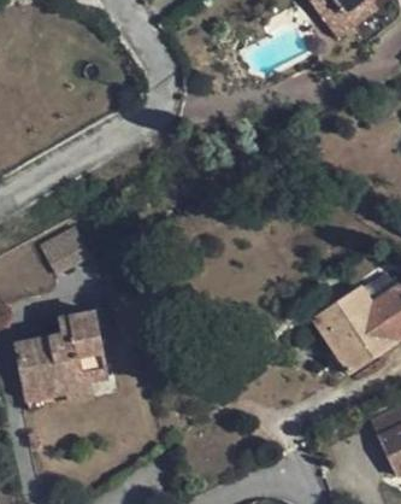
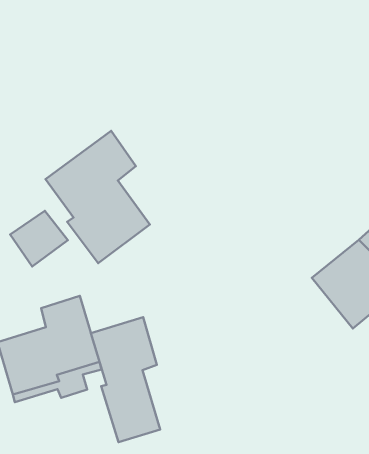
building: none -> [46,131,150,263]
building: none -> [91,317,160,442]

